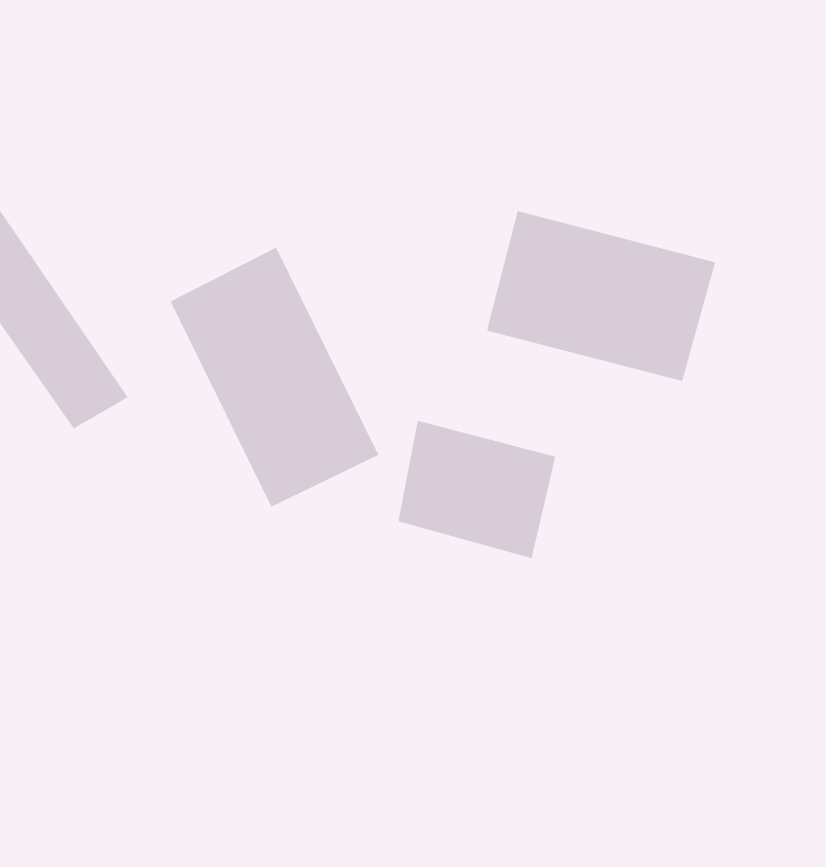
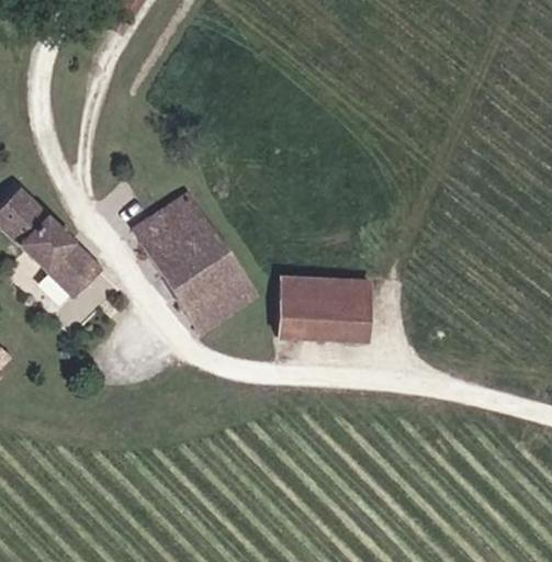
building: [486,210,716,382] -> none

